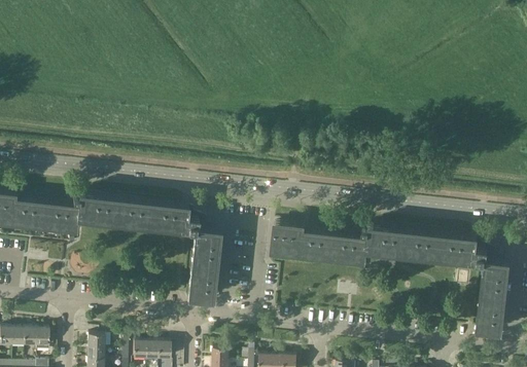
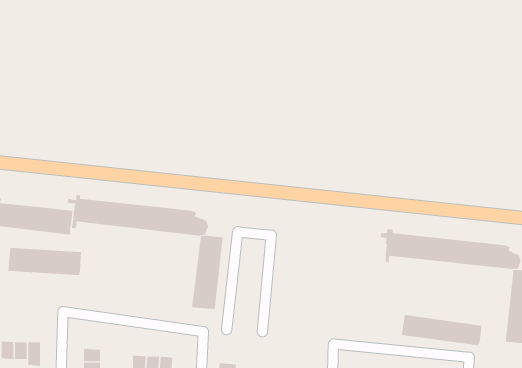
building: [272,226,367,263] -> none
building: none -> [8,247,82,276]
building: none -> [401,314,482,346]

